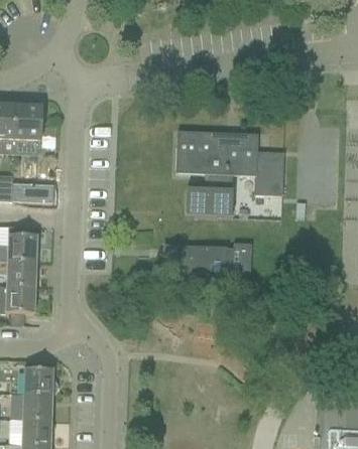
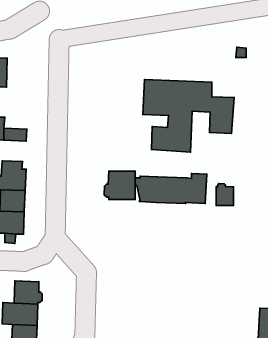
building: [14,106,40,141] -> none
building: none -> [104,171,135,199]
building: none -> [216,184,234,206]

